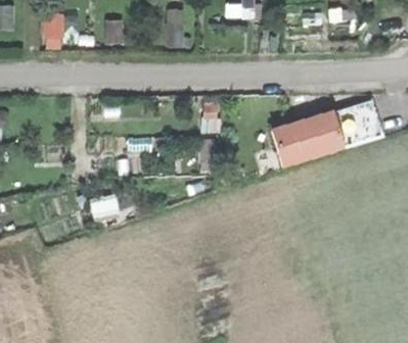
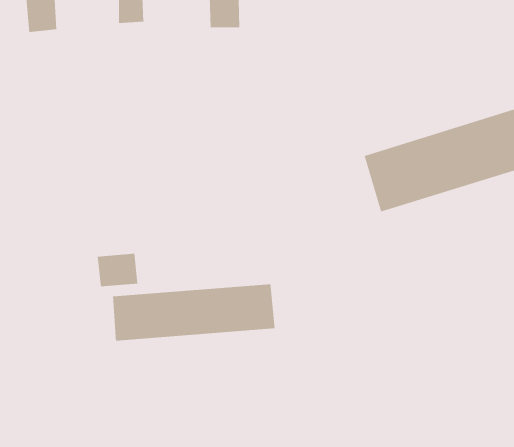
building: none -> [113,284,275,342]

